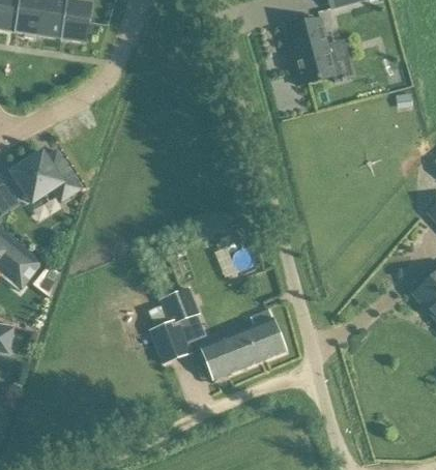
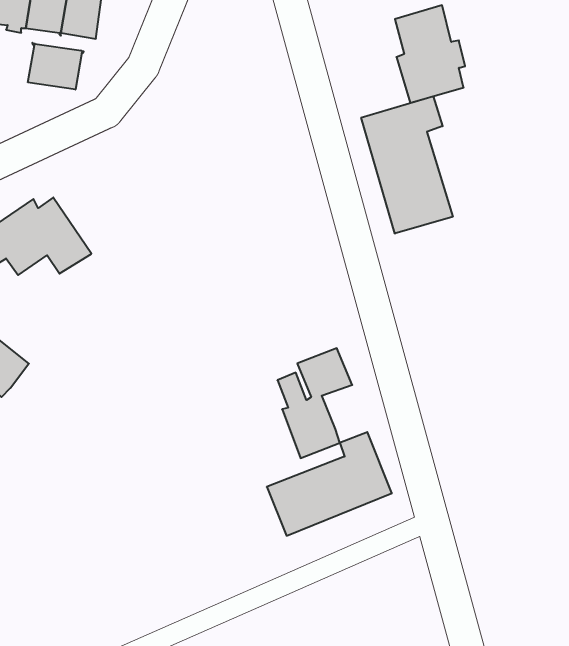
building: none -> [28,43,84,90]
building: none -> [361,96,453,234]
building: [149,288,200,362] -> [277,348,352,458]

